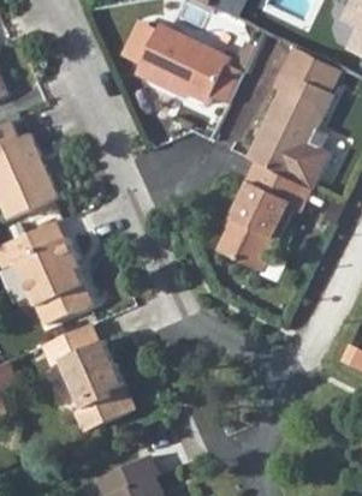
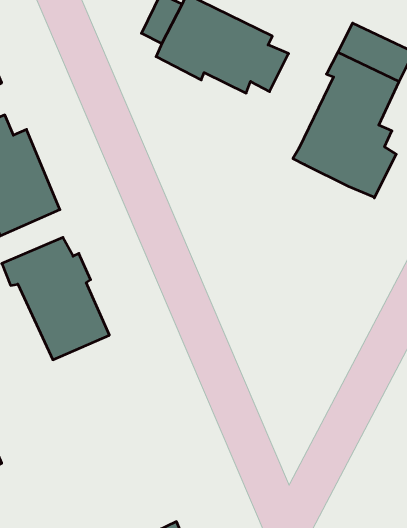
building: [219,162,311,270] -> none
building: [40,325,125,435] -> none

